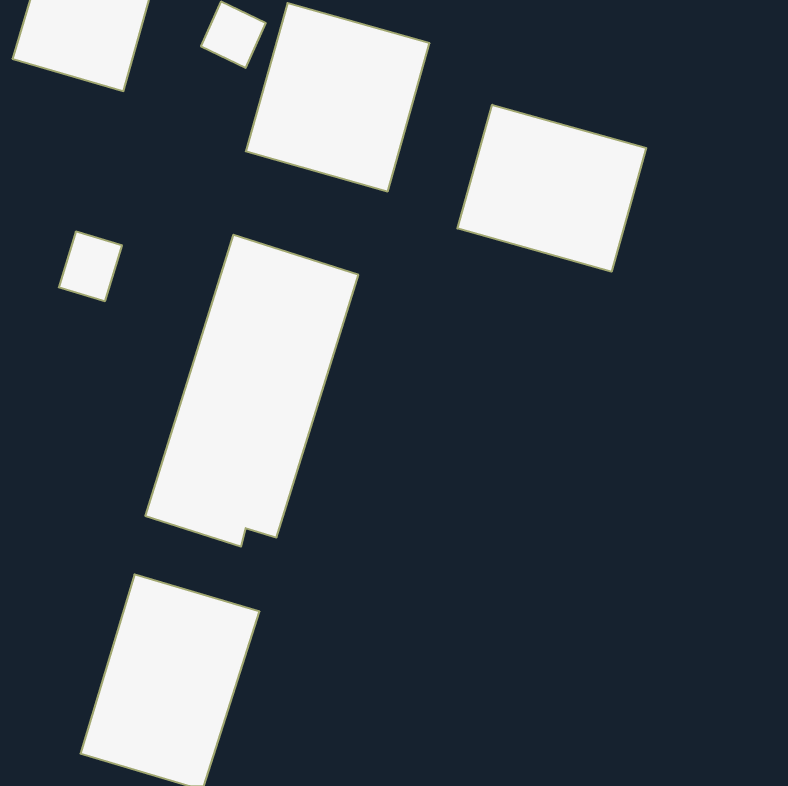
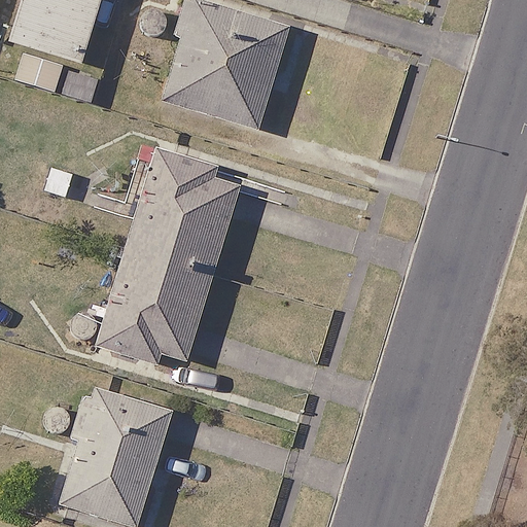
building: [457,105,646,272] -> none

